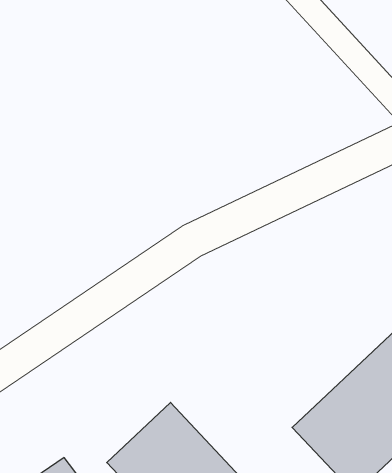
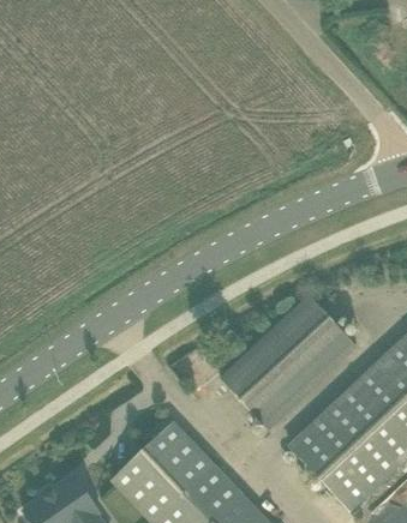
building: none -> [220,294,349,421]

